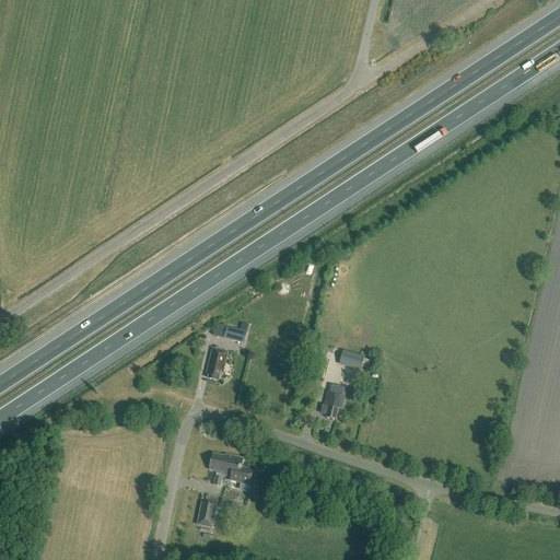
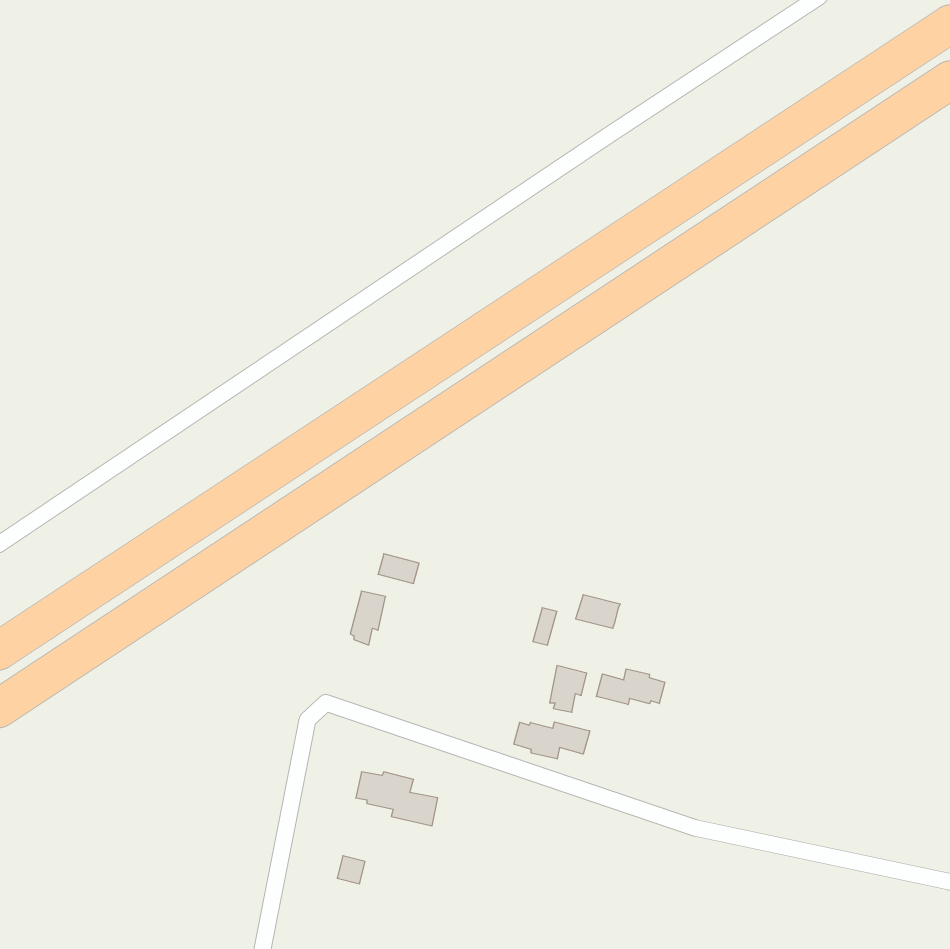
building: none -> [596,669,665,705]
building: none -> [514,722,590,759]

